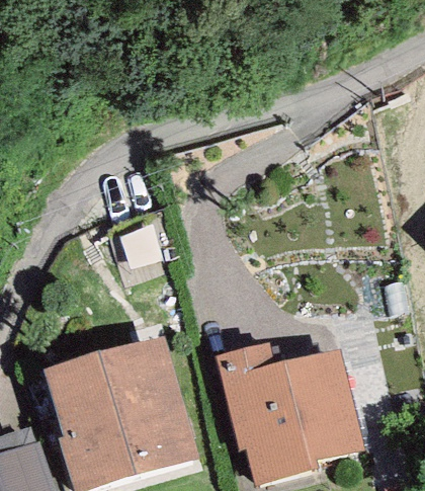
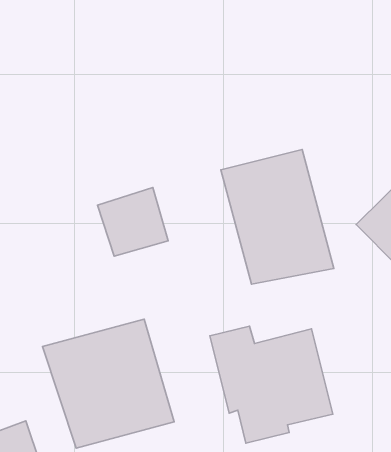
building: none -> [221,150,334,284]

